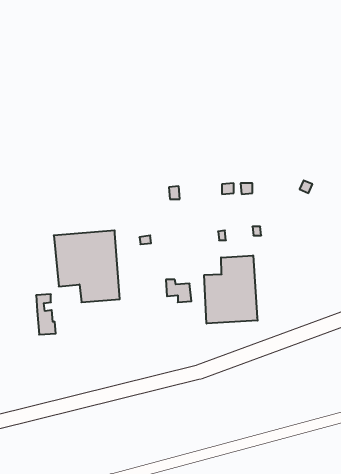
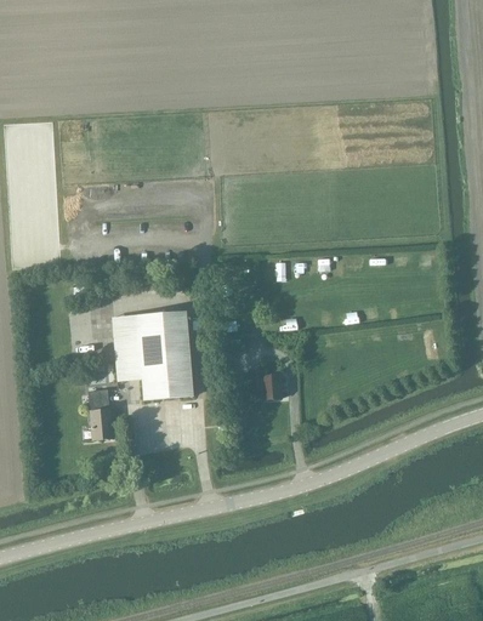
building: [204,255,258,324] -> none

